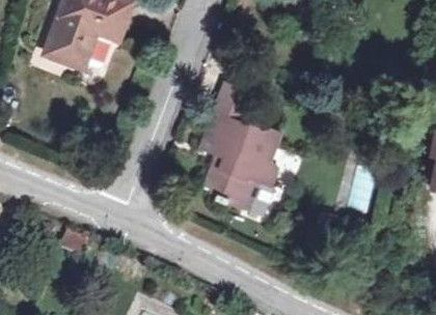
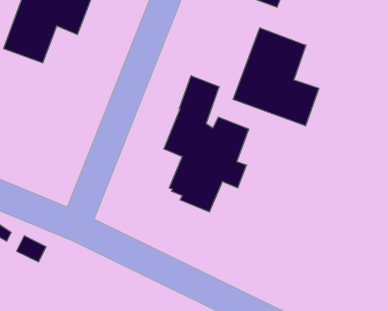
building: none -> [233,28,319,126]

